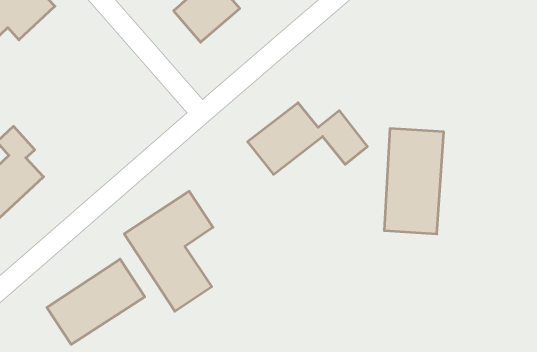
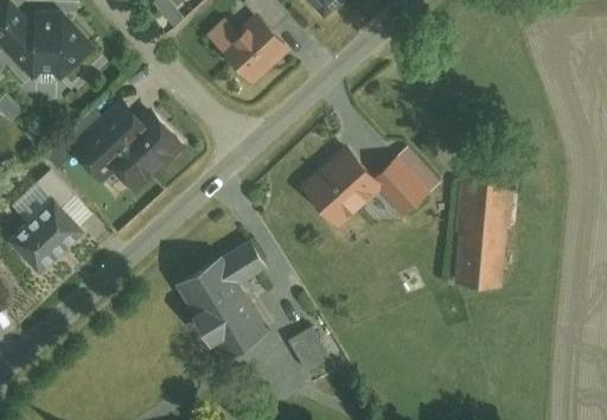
building: none -> [71,98,184,182]
building: [47,259,145,344] -> none
building: none -> [290,333,330,376]

